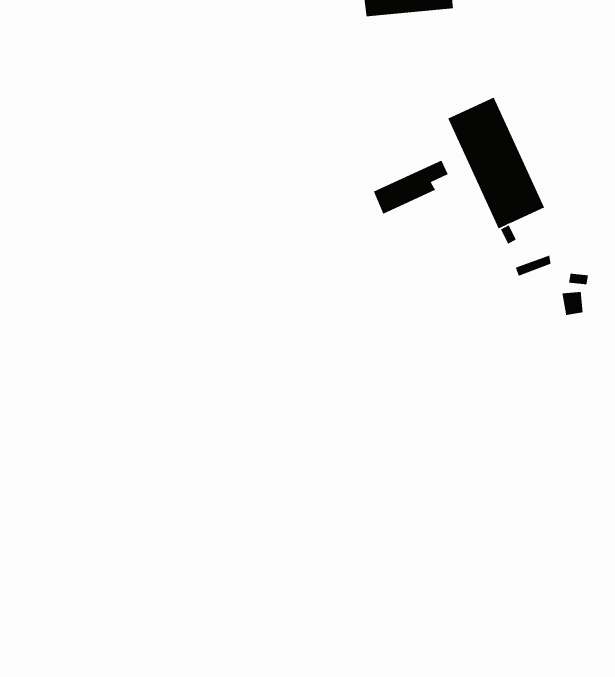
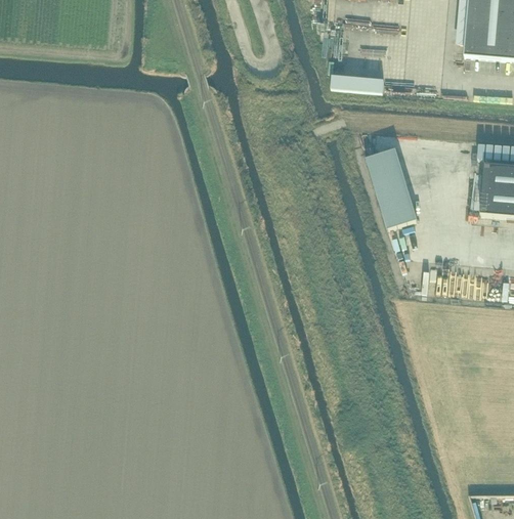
building: [373,159,449,215] -> none

